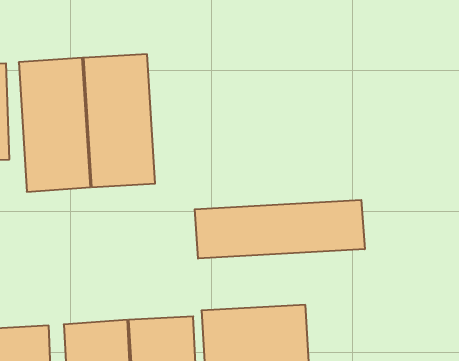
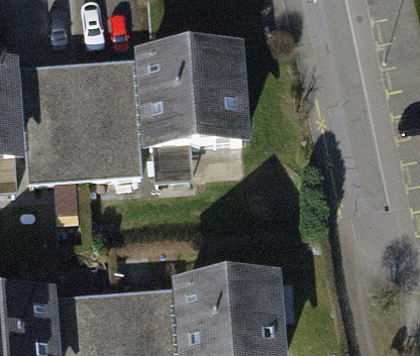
building: none -> [148,52,245,141]
building: [195,200,365,259] -> none

